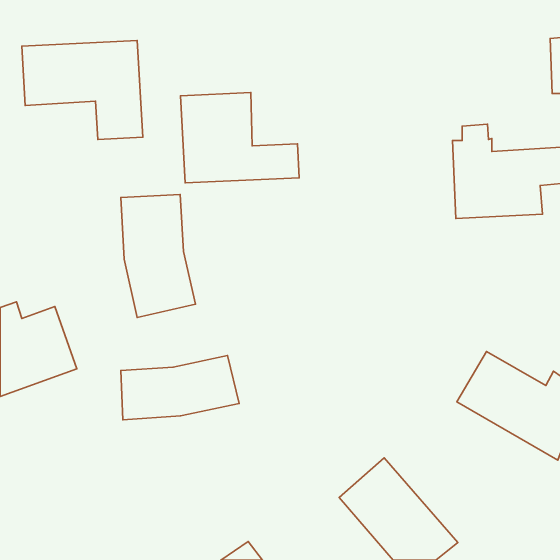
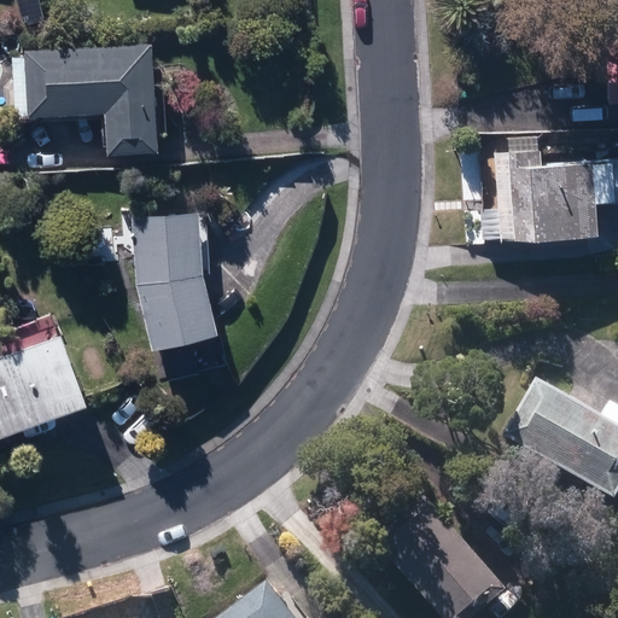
building: [181,93,299,183] -> none
building: [121,356,239,420] -> none

